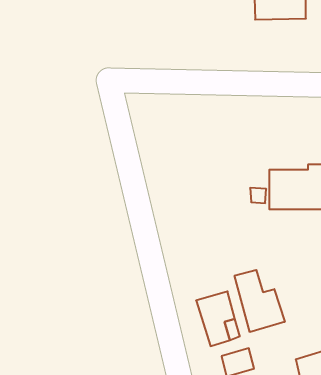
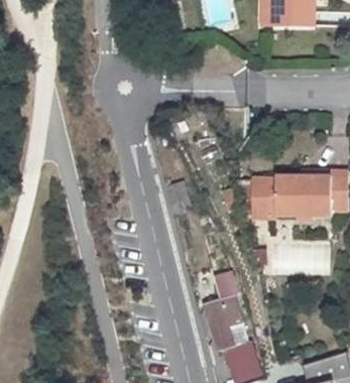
building: [235,270,285,332] -> none

